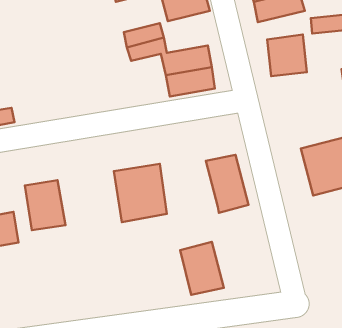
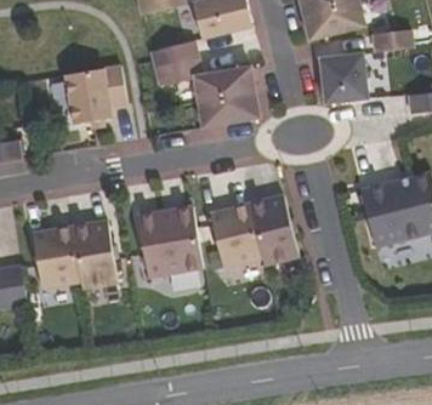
building: none -> [66,65,126,124]
building: none -> [72,222,118,289]
building: [180,242,224,295] -> [210,204,262,267]

